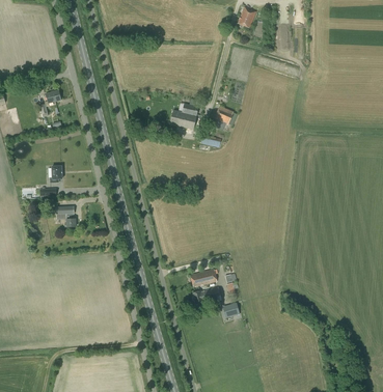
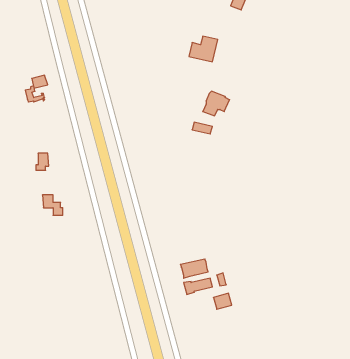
building: [170,104,198,129] -> [189,36,218,62]

